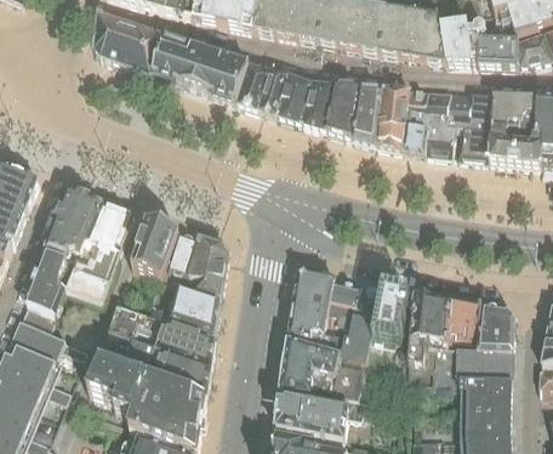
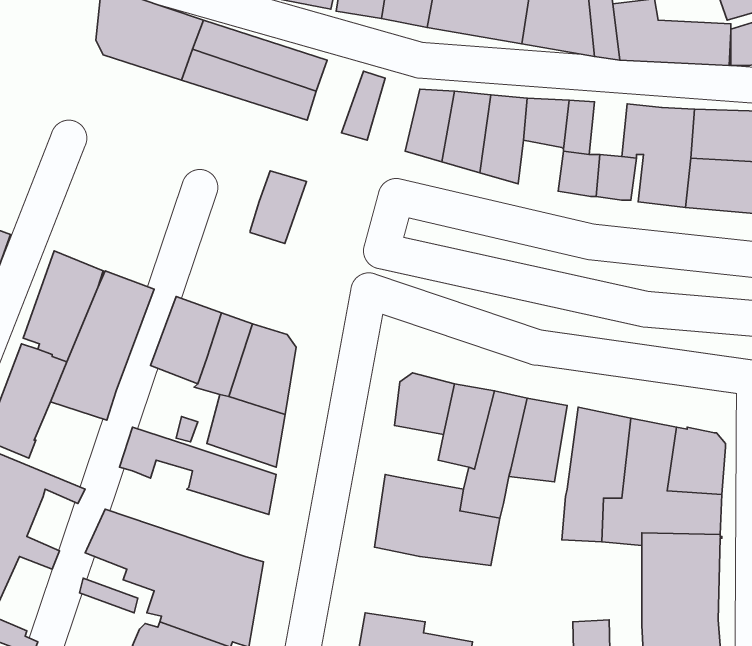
building: [235,61,273,109] -> [250,171,307,243]
building: [275,73,310,121] -> none
building: [423,89,449,125] -> none
building: [376,114,405,147] -> none
building: [289,305,343,347] -> none
building: [101,335,210,393] -> none
building: [275,391,363,437] -> none

